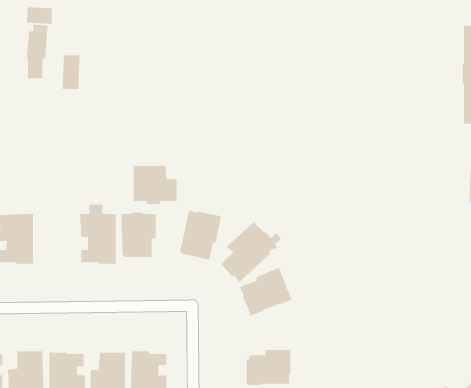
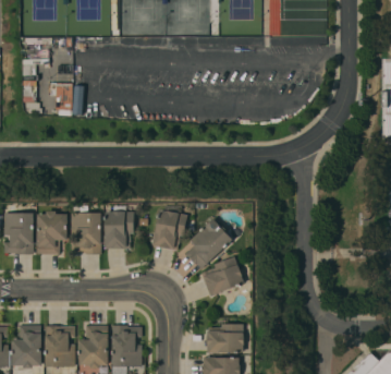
building: [133,165,177,205] -> none
building: none -> [37,212,66,254]

